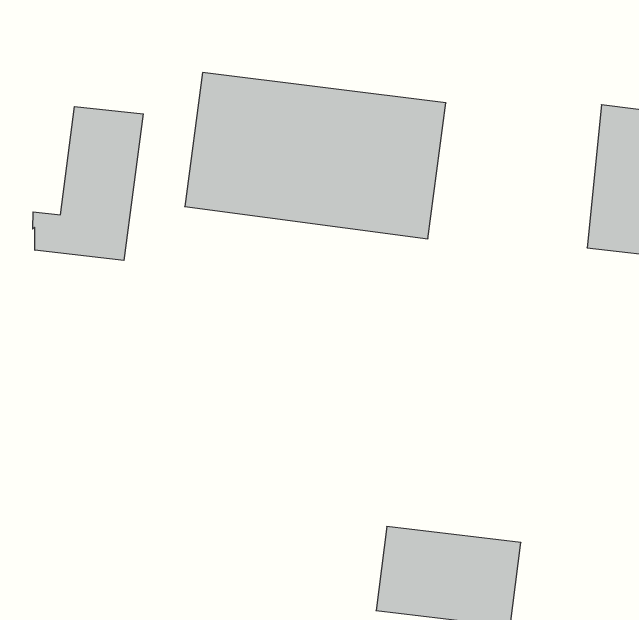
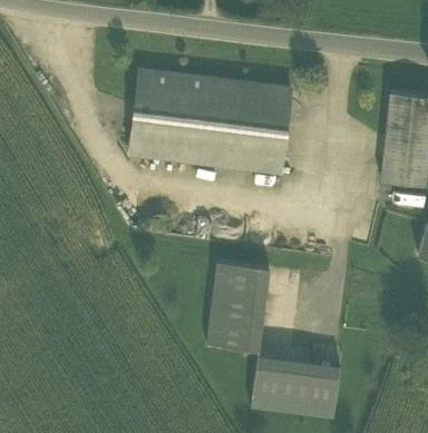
building: [33,107,143,260] -> none
building: none -> [206,260,269,350]

